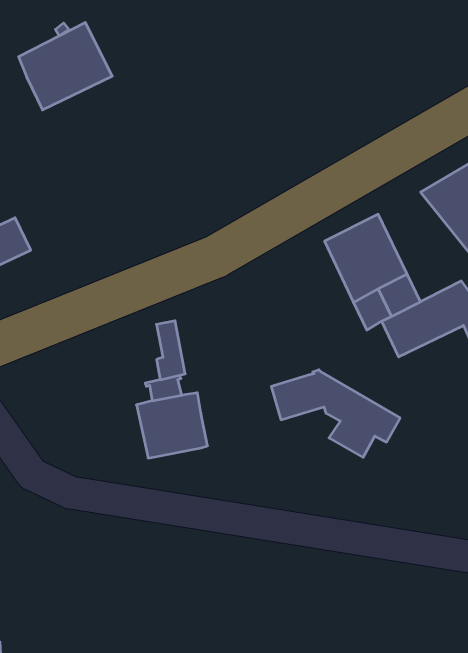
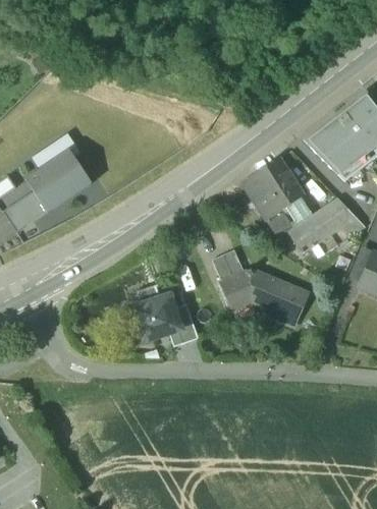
building: [19,22,112,110] -> [26,150,91,212]
building: [156,321,185,380] -> [174,302,198,343]
building: none -> [212,249,244,282]

